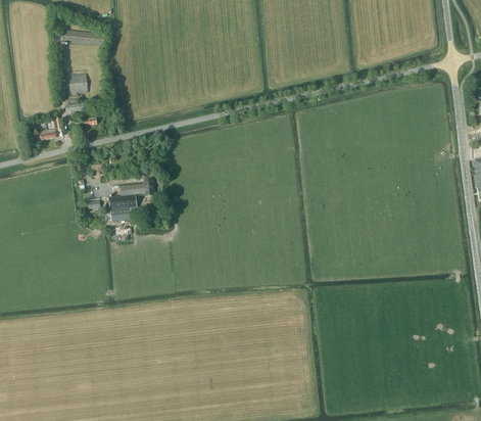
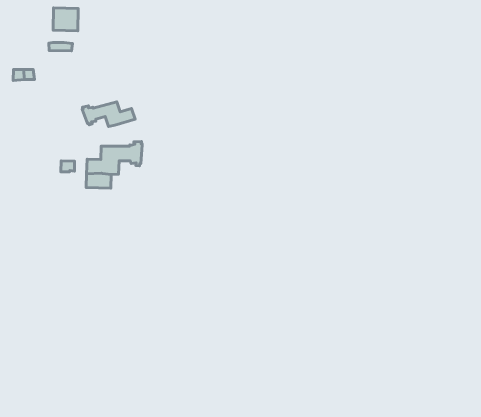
building: none -> [82,102,135,127]

